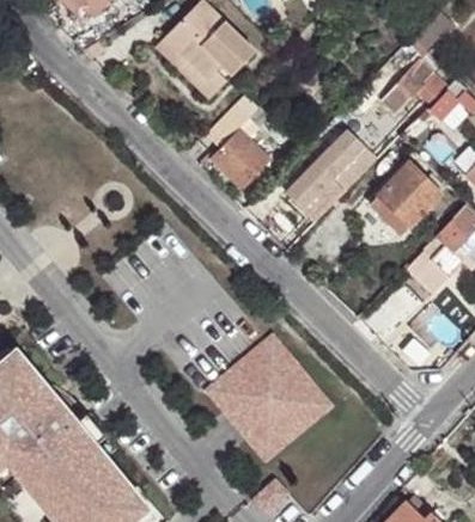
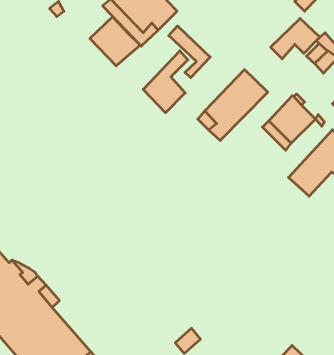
building: none -> [90,17,140,66]
building: none -> [169,26,210,78]
building: [201,332,331,462] -> none

